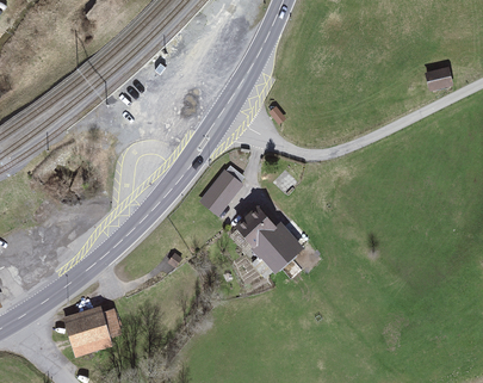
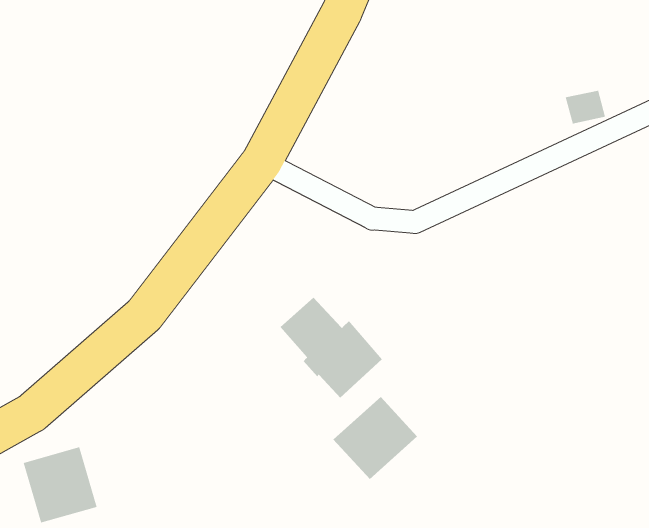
building: [198,168,243,216] -> none
building: none -> [333,396,418,480]

